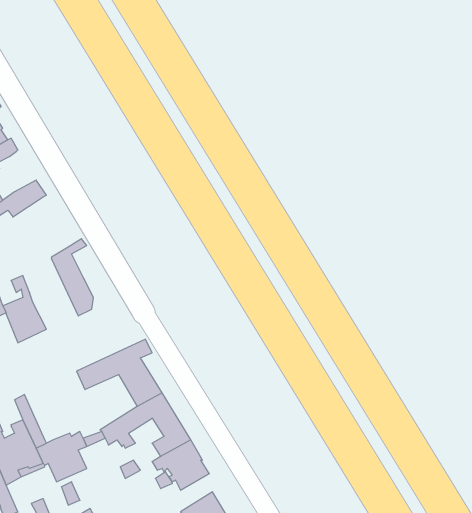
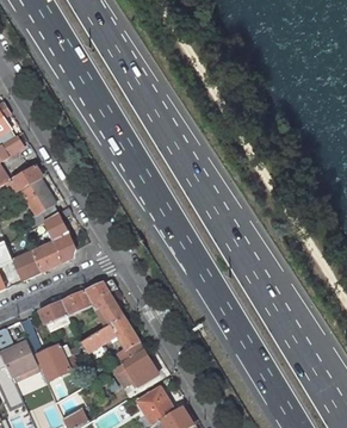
building: none -> [17,176,56,225]
building: none -> [31,241,63,271]
building: none -> [39,300,68,330]

